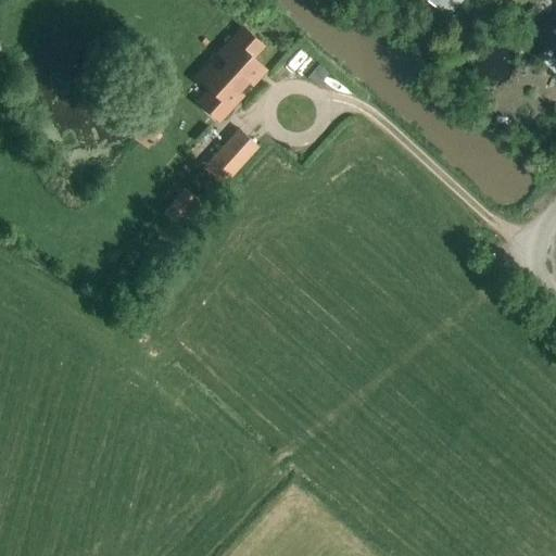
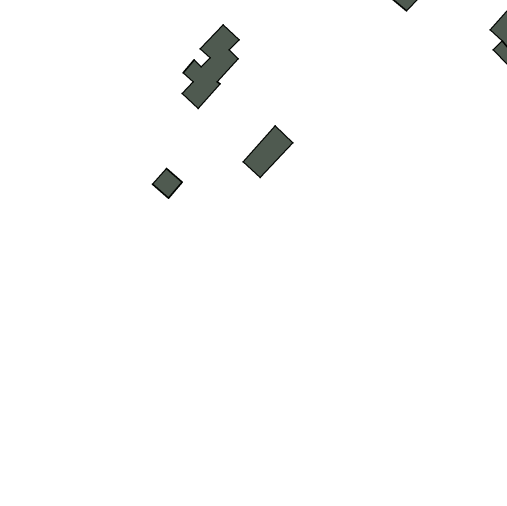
building: [203,129,257,186] -> [243,126,293,178]

